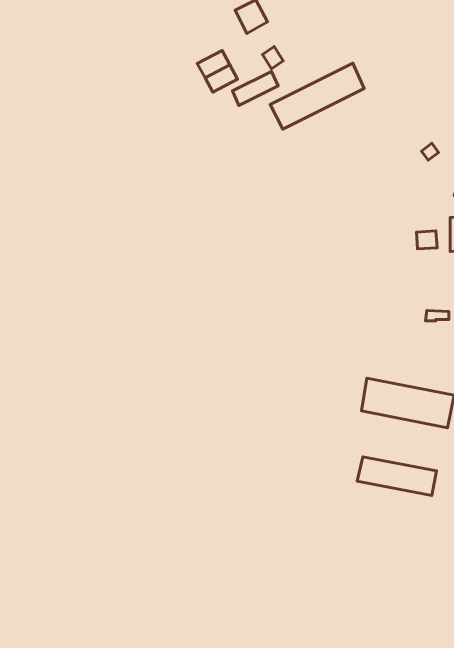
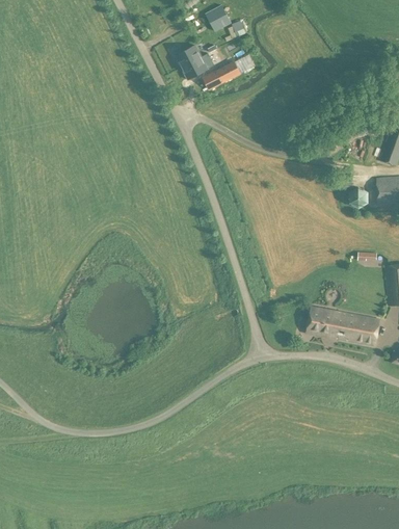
building: [270,63,364,129] -> none
building: [357,457,436,496] -> none

